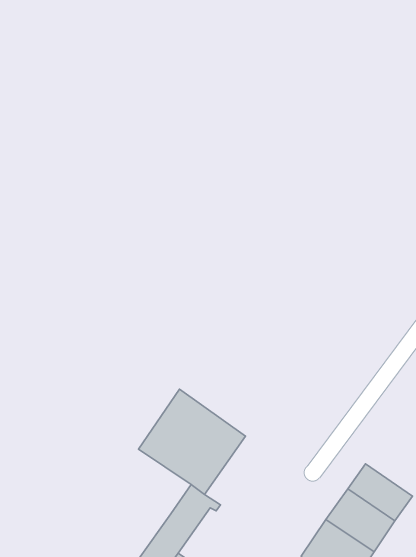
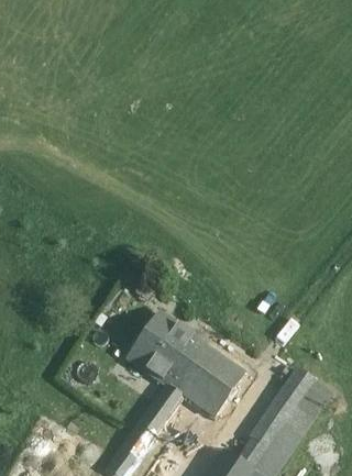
building: none -> [177,345,246,416]

